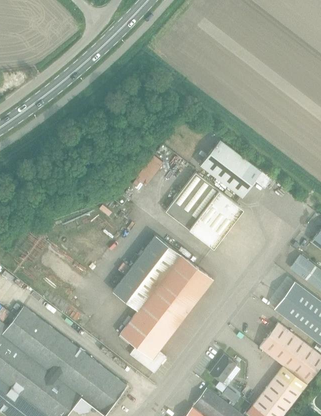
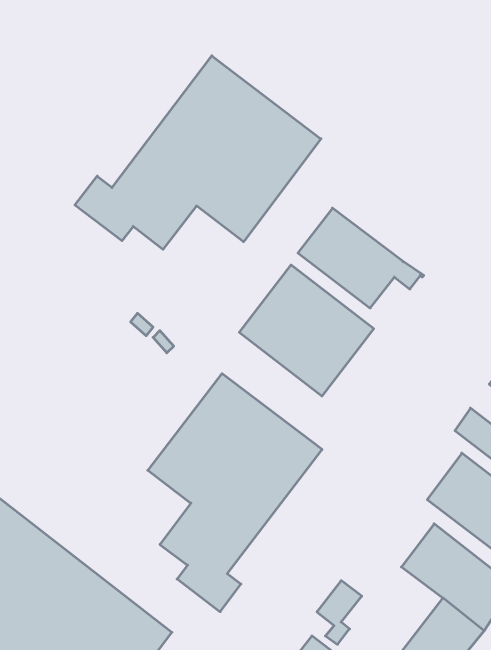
building: none -> [75,56,321,249]

